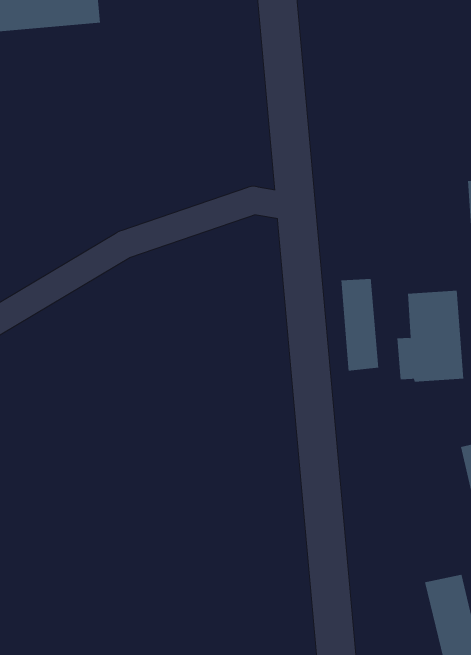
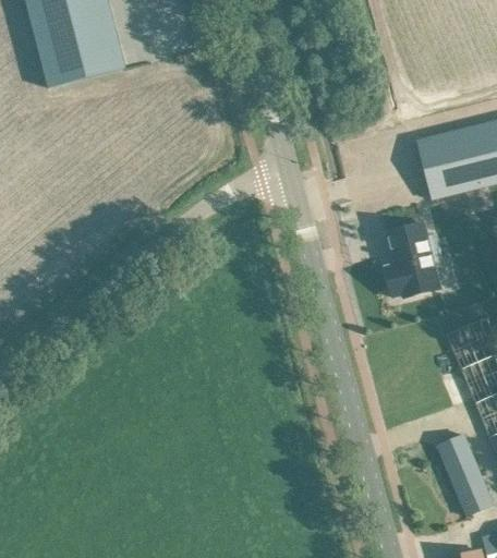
building: [341,278,379,371] -> none

